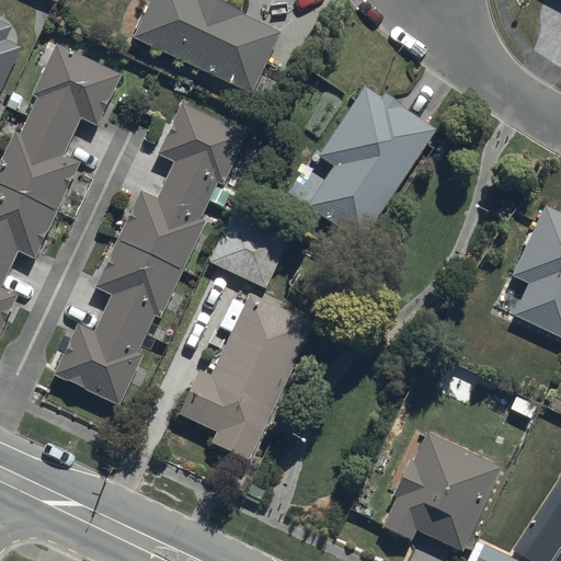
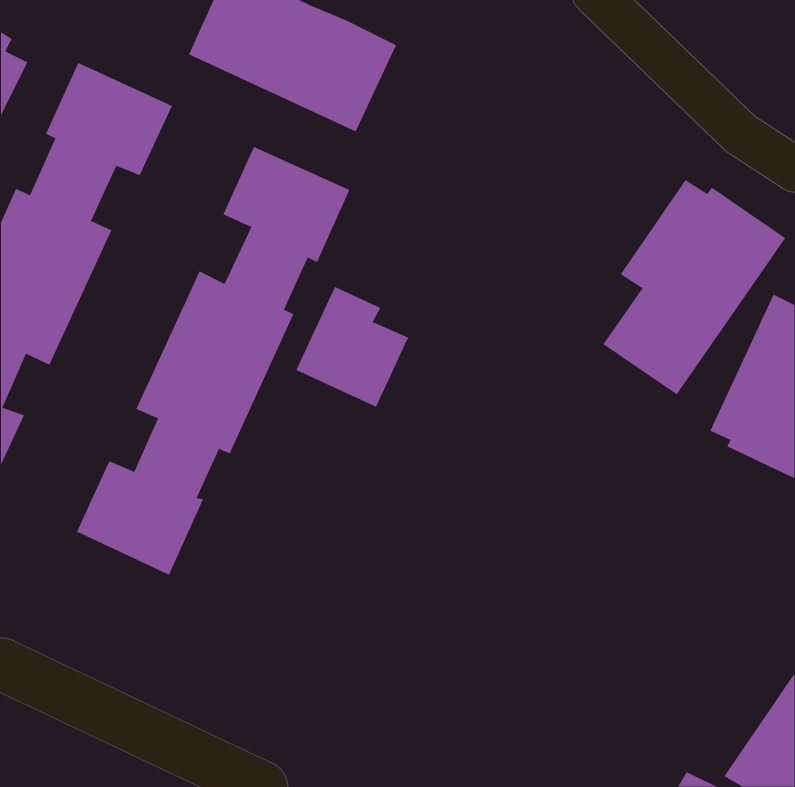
building: [307,88,436,240] -> [603,179,786,395]
building: [176,293,313,458] -> none
building: [381,431,500,549] -> none

